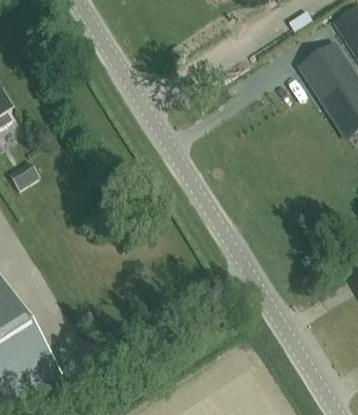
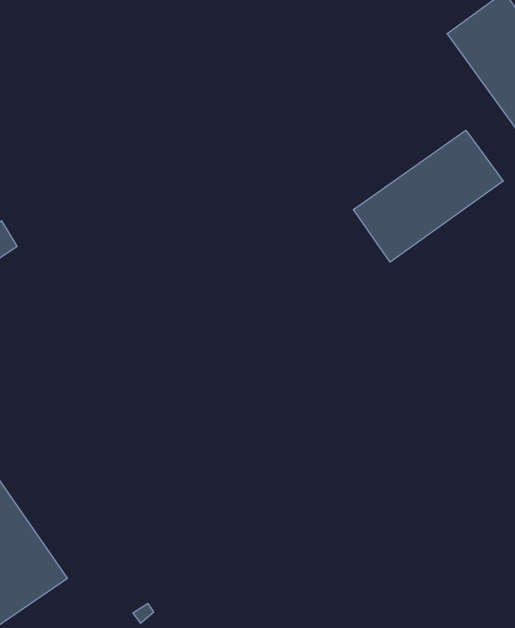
building: none -> [353,130,503,262]

